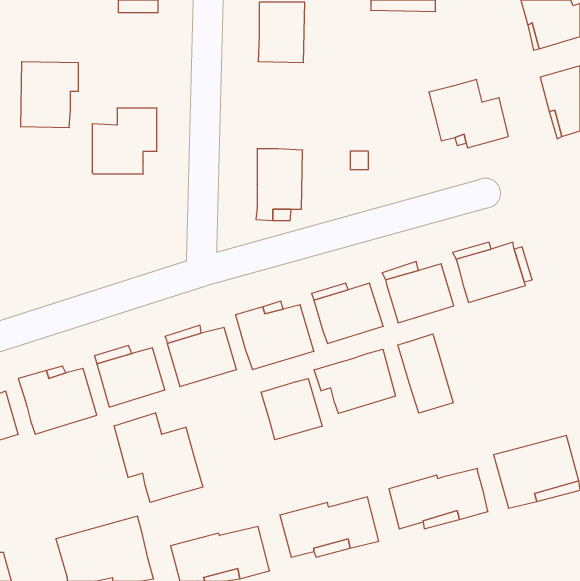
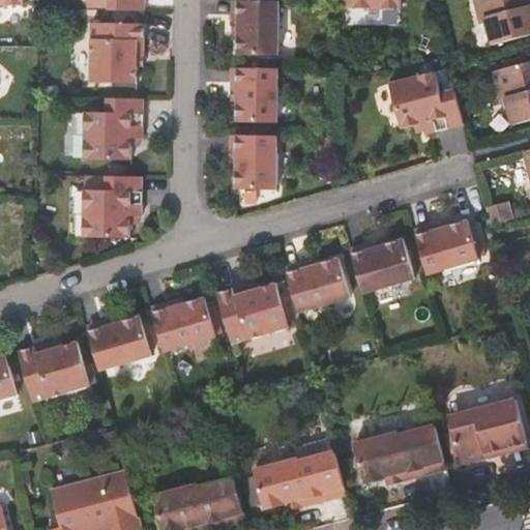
building: [20,62,78,128] -> [92,24,145,84]
building: none -> [234,69,275,123]
building: none -> [83,176,142,236]
building: [398,334,453,413] -> none
building: [314,349,396,414] -> none
building: [261,379,322,440] -> none
building: [114,413,203,502] -> none

